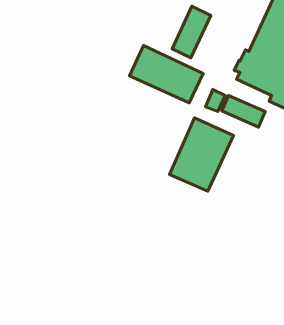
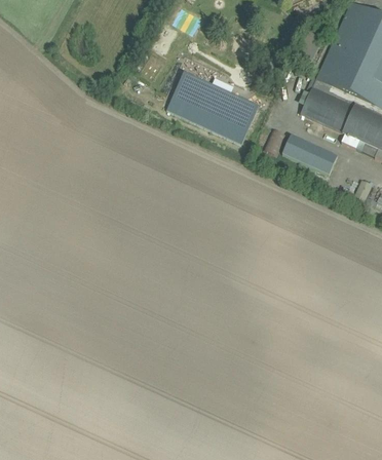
building: [172,6,211,58] -> none
building: [169,118,234,191] -> none

